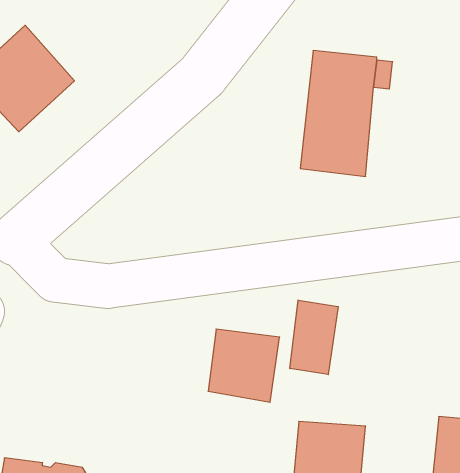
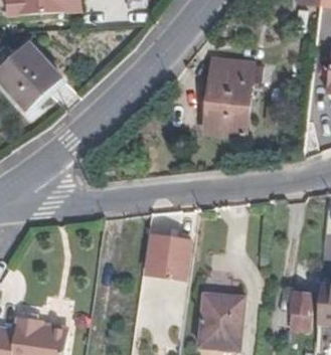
building: [290,300,338,375] -> none

